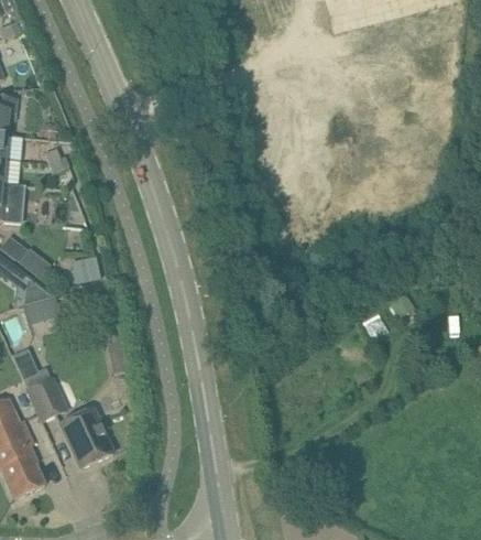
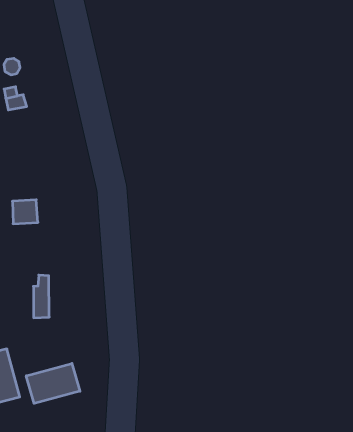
building: none -> [26,363,80,403]

